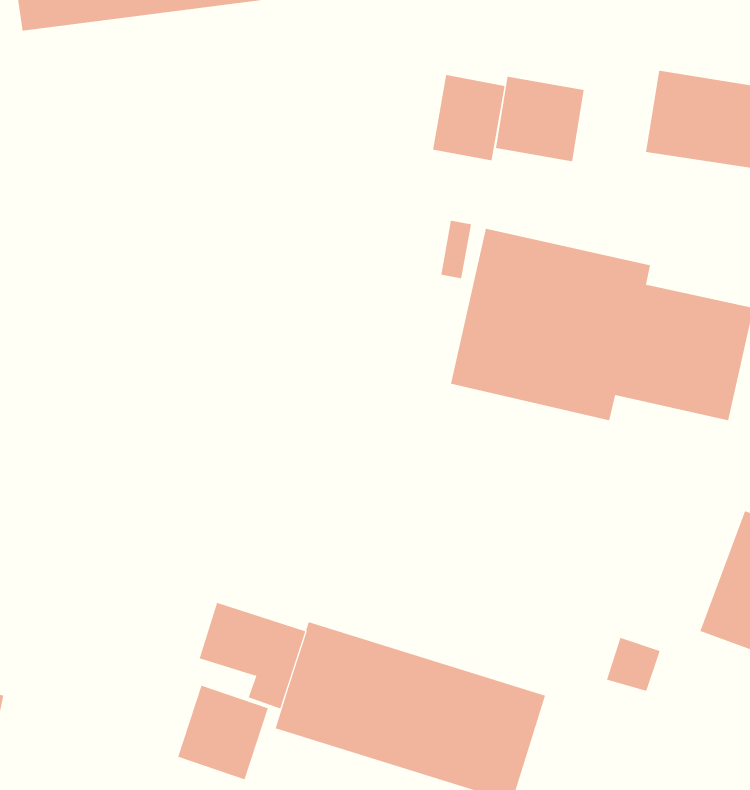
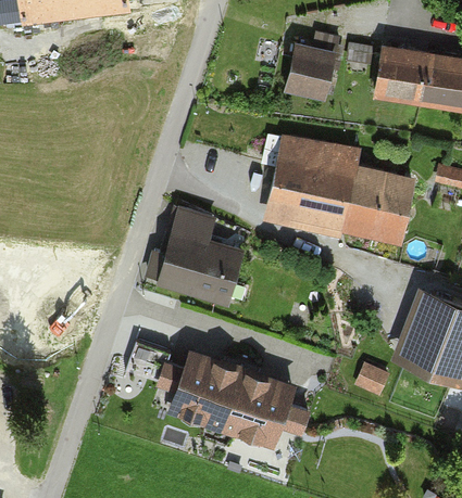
building: [432,74,505,161] -> none
building: none -> [140,210,250,301]
building: [177,685,268,780] -> none

